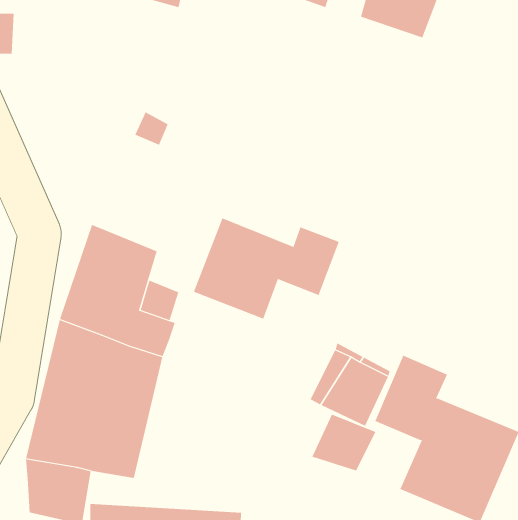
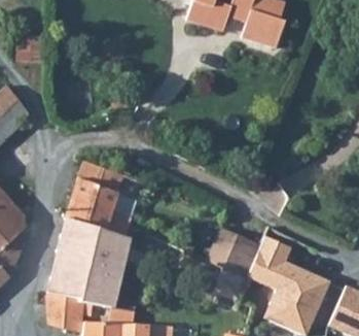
building: [193,217,340,320] -> none

